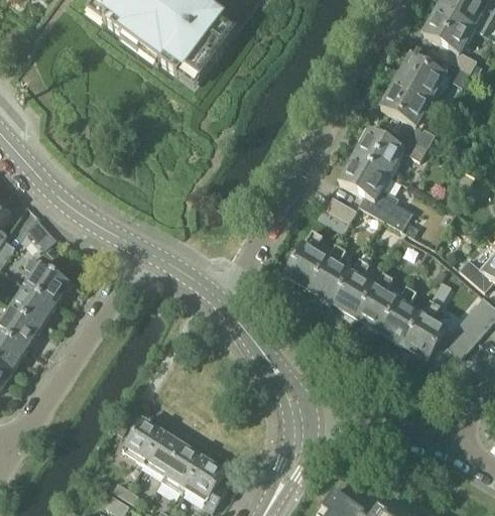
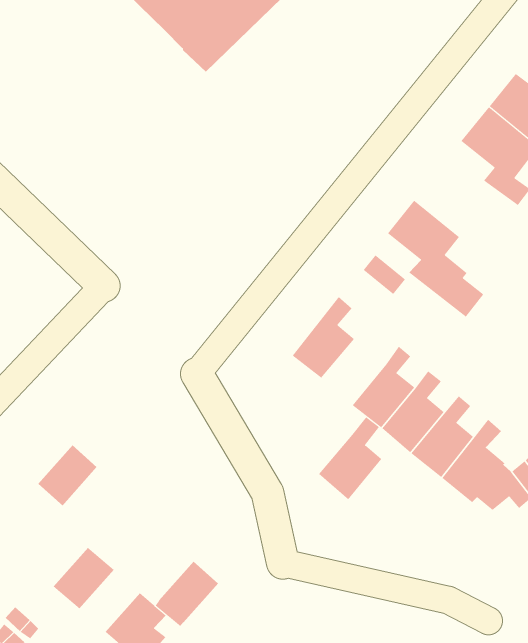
building: [353,126,426,173] -> none
building: [307,242,351,302] -> [318,416,382,500]
building: [122,417,162,462] -> [37,444,98,506]
building: [161,443,204,491] -> [155,561,219,627]

